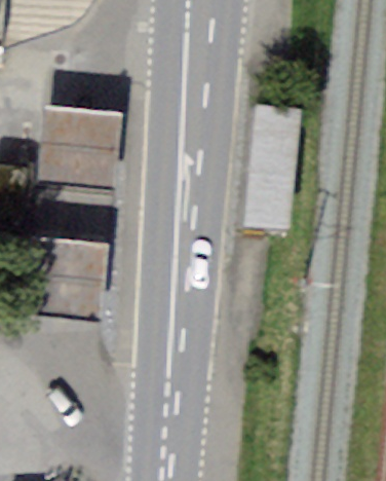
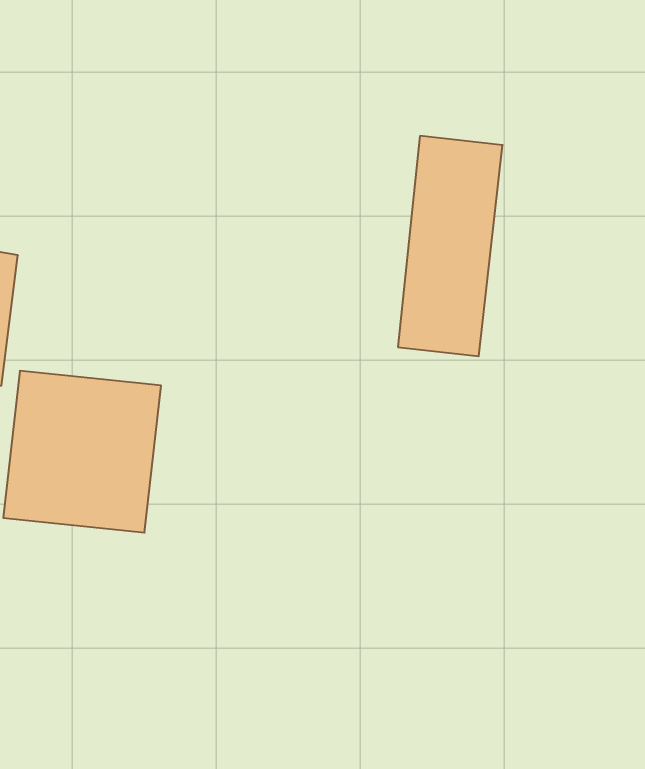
building: [36,92,124,183] -> none

